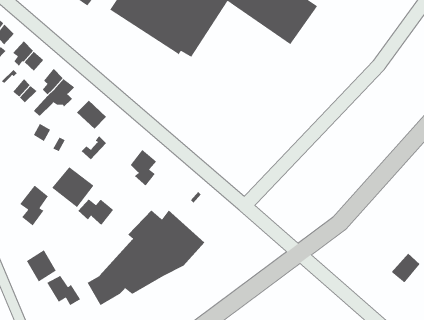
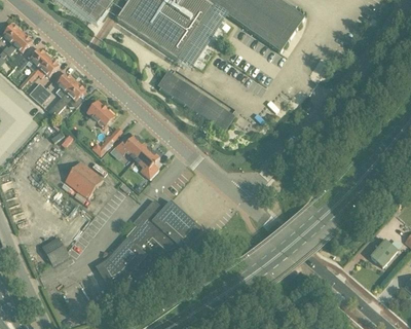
building: none -> [160,71,235,131]
building: [19,184,49,226] -> none
building: [78,198,114,226] -> [113,135,146,159]
building: [46,275,81,306] -> none

